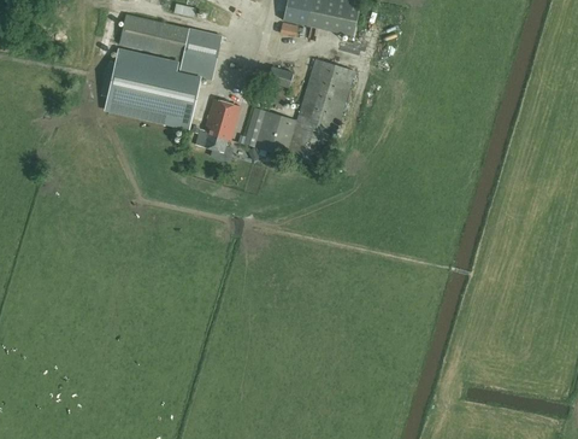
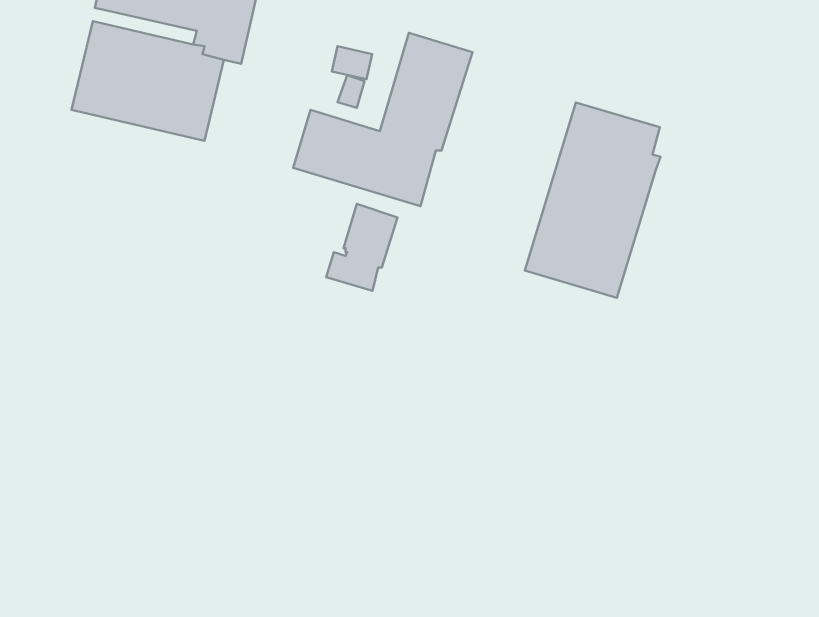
building: [194,98,238,152] -> [326,204,397,291]
building: none -> [525,102,660,298]

